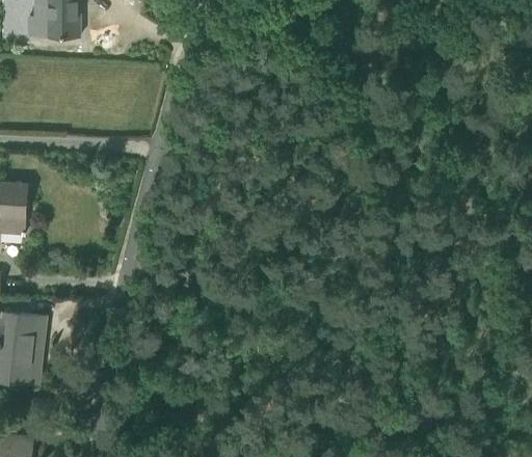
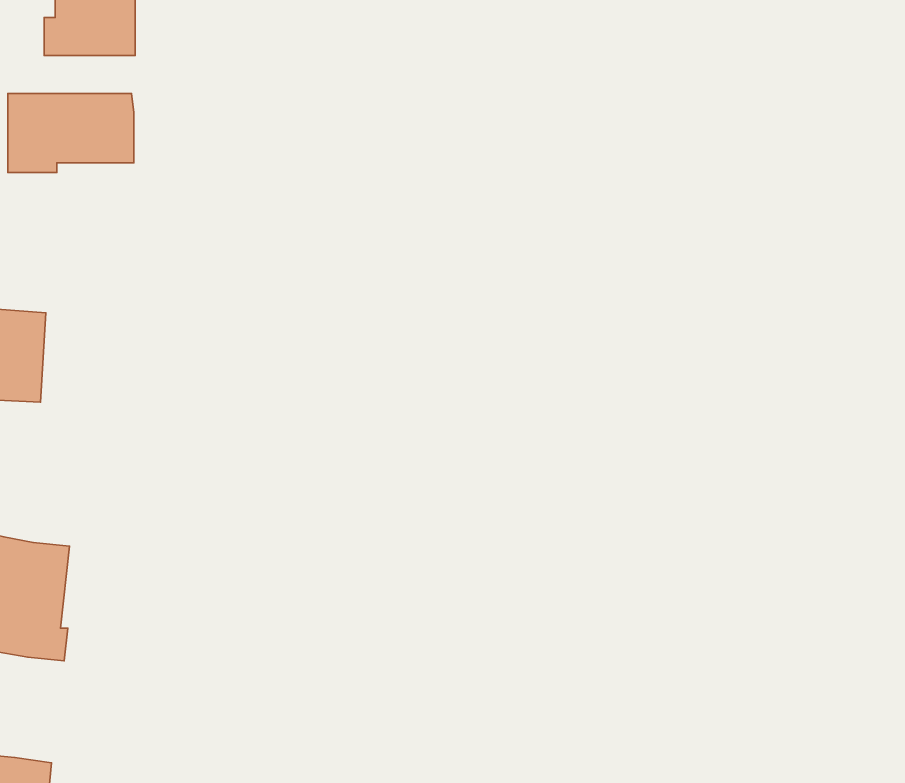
building: none -> [8,94,134,172]

